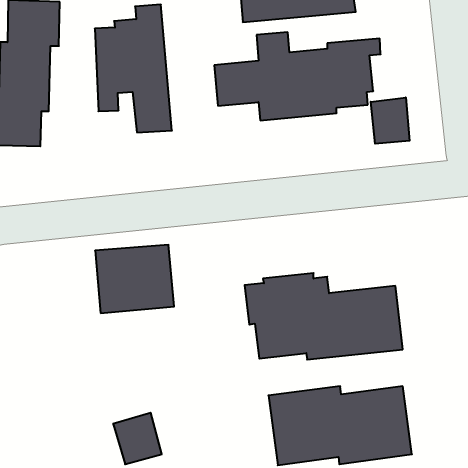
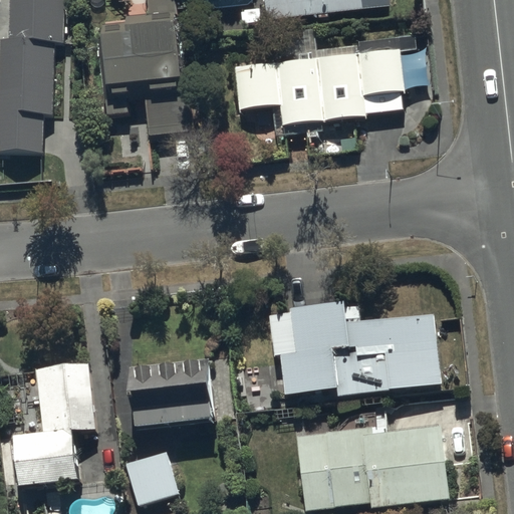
building: [371,97,410,144] -> none
building: [95,245,174,313] -> [125,356,212,431]
building: none -> [9,357,95,483]

